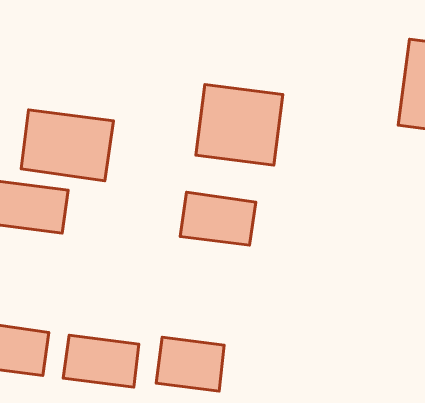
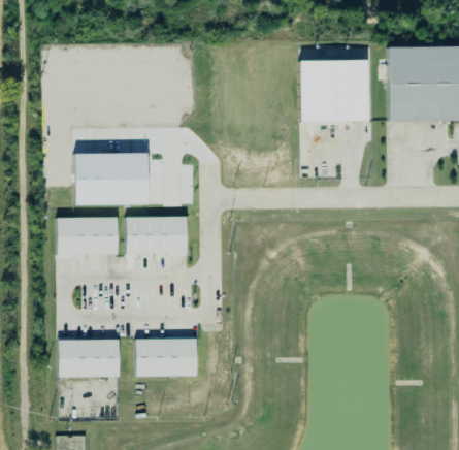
building: [196,85,283,165] -> [299,60,367,122]
building: [180,192,256,245] -> [127,217,187,255]
building: [156,337,224,391] -> none

